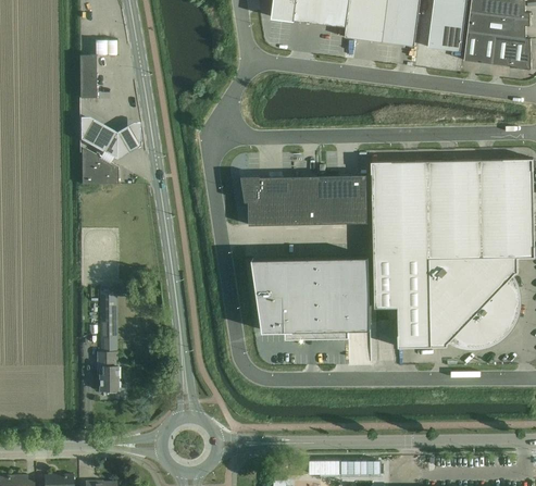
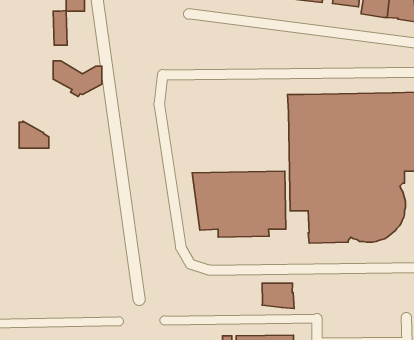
building: [80,151,117,185] -> [19,121,49,148]
building: [240,175,366,226] -> none
building: [97,286,117,391] -> none
building: none -> [262,283,294,308]

